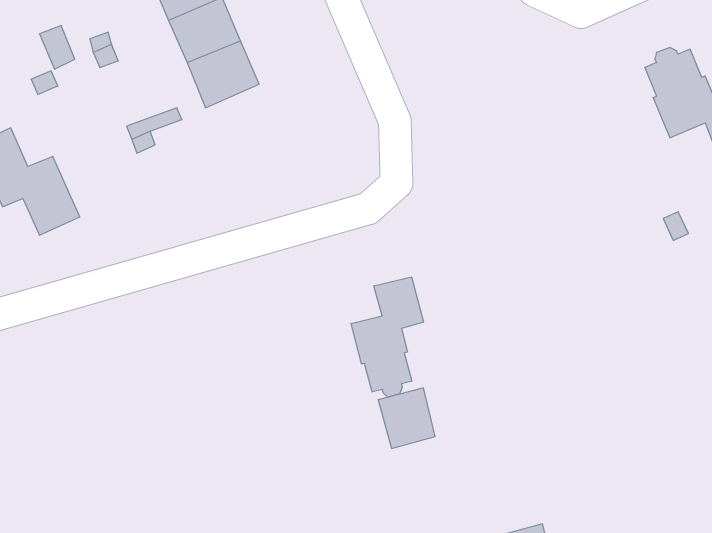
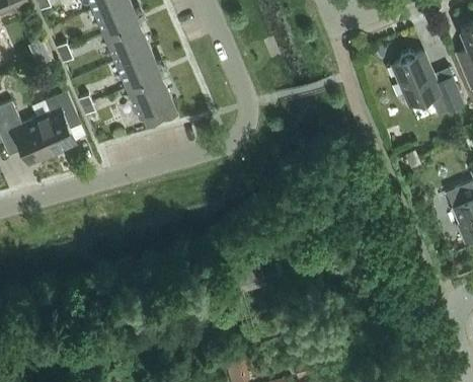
building: none -> [129,74,177,129]
building: none -> [36,90,78,154]
building: [351,277,423,397] -> none

